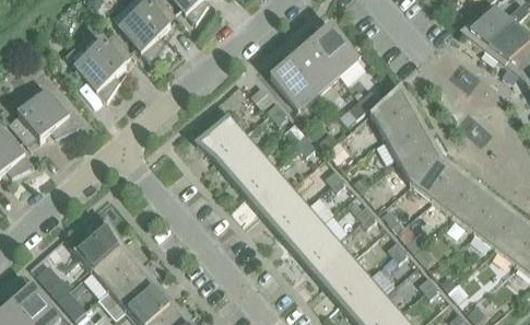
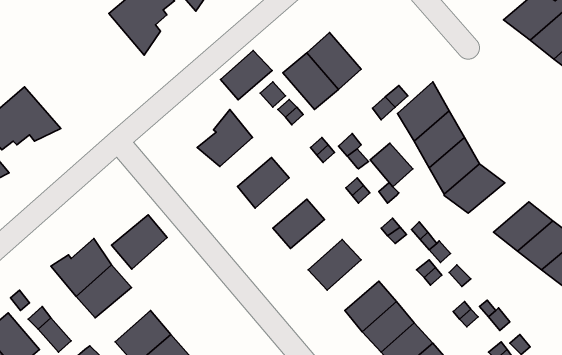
building: [310,25,358,74] -> none
building: [74,32,131,101] -> none
building: [215,134,260,176] -> [221,50,272,100]
building: none -> [370,143,413,187]
building: [246,169,291,212] -> none
building: [431,173,483,216] -> none
building: [276,205,321,248] -> none
building: [308,240,353,283] -> none
building: [107,264,155,311] -> [112,215,167,269]

